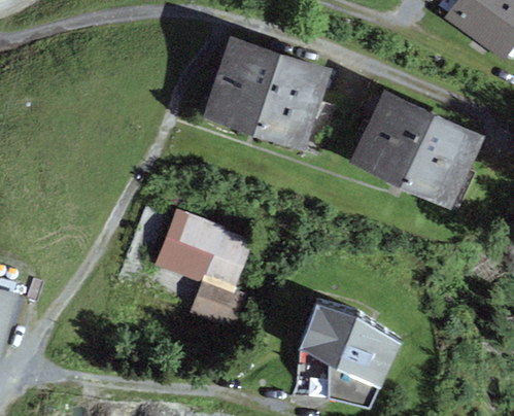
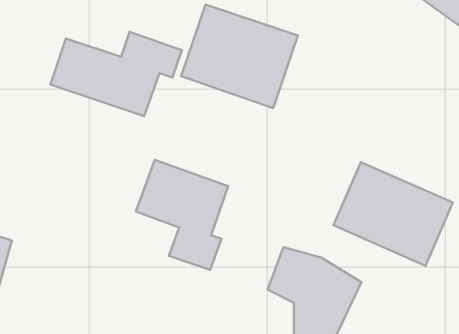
building: none -> [51,32,182,116]
building: [353,93,484,206] -> [333,162,453,266]

